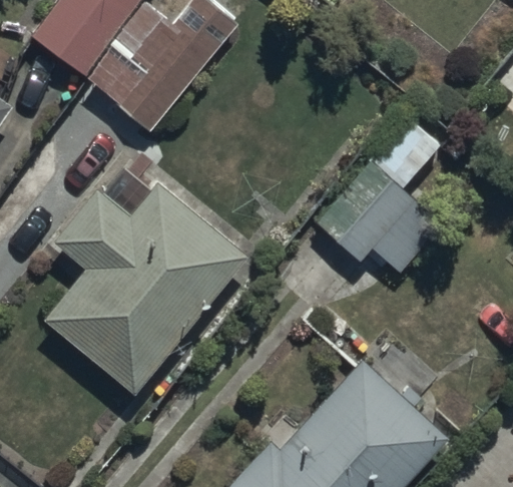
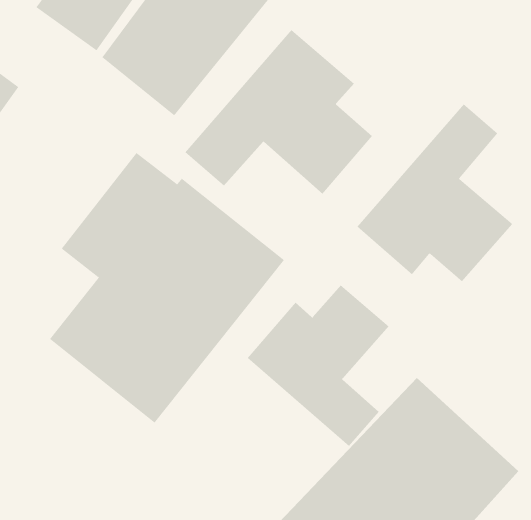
building: none -> [185,29,373,195]
building: none -> [247,285,390,447]

